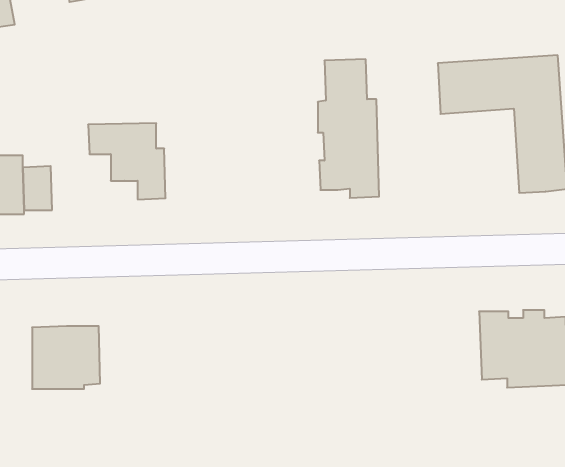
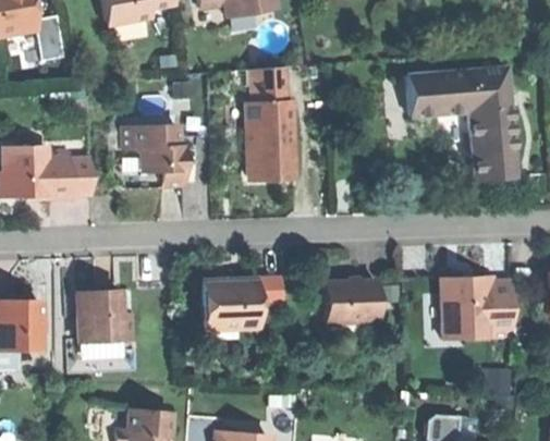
building: [318,59,379,198] -> [247,68,297,181]
building: none -> [204,279,259,331]
building: none -> [326,281,380,324]

